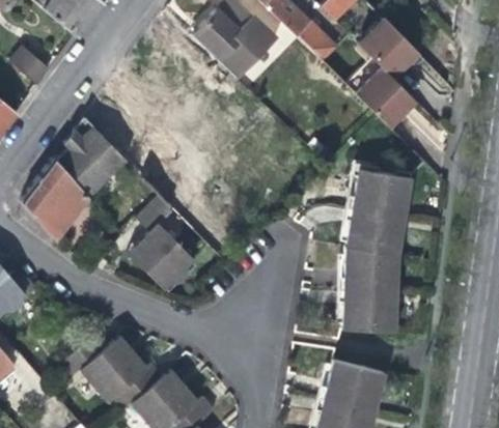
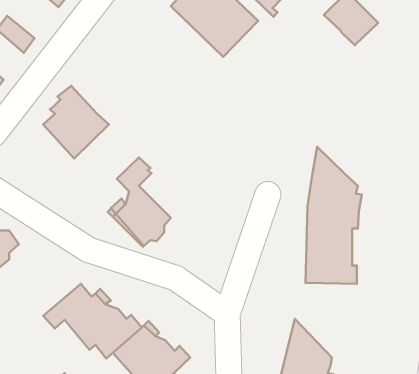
building: [349,60,425,131] -> none
building: [22,158,96,239] -> none
building: [353,168,410,226] -> none
building: [329,360,384,409] -> none

